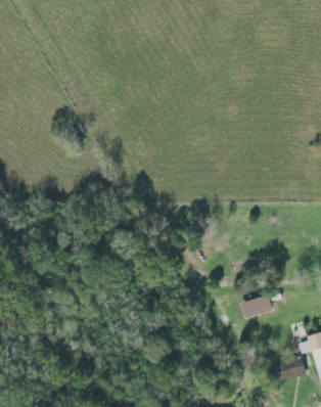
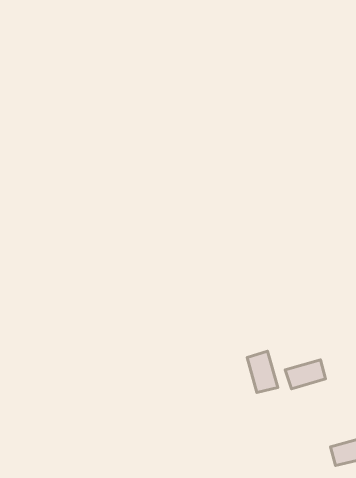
building: none -> [247,351,278,392]

